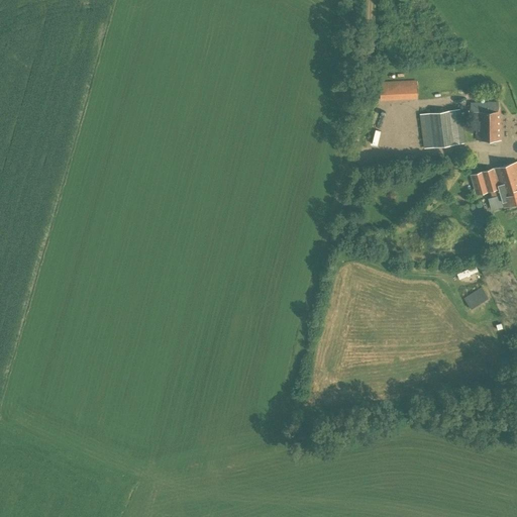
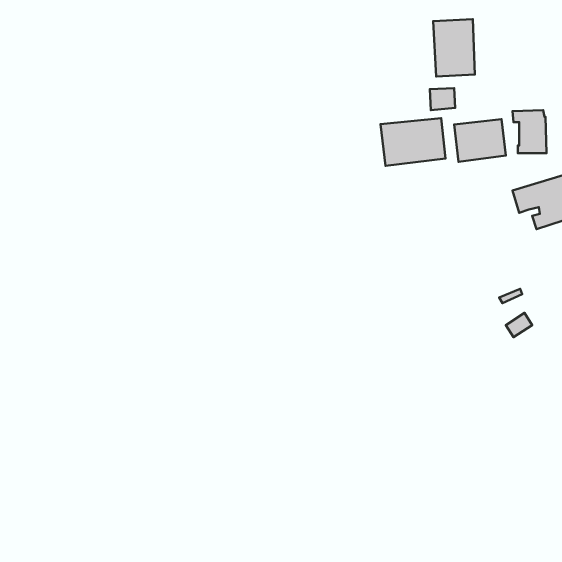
building: none -> [433,19,475,76]
building: none -> [381,118,446,166]

